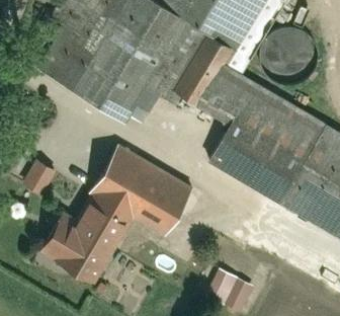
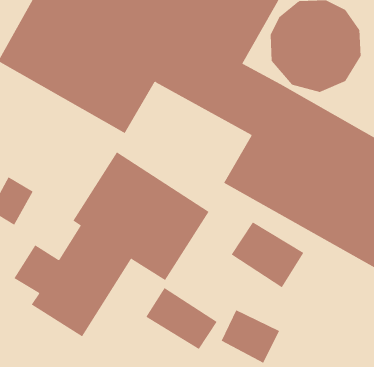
building: none -> [231,221,304,288]
building: none -> [146,287,217,350]

